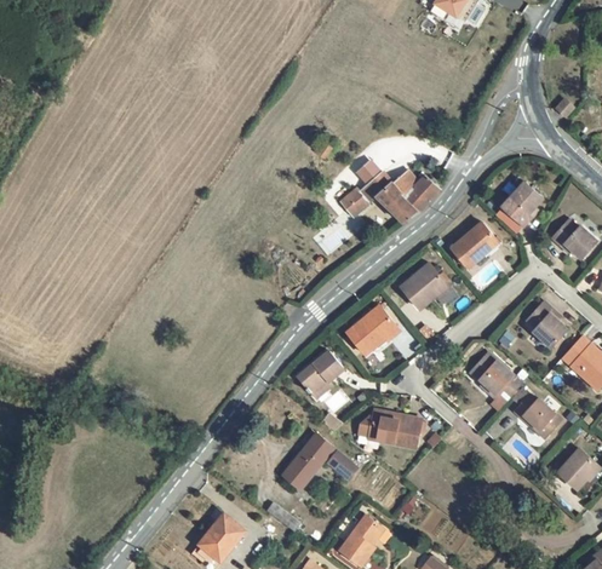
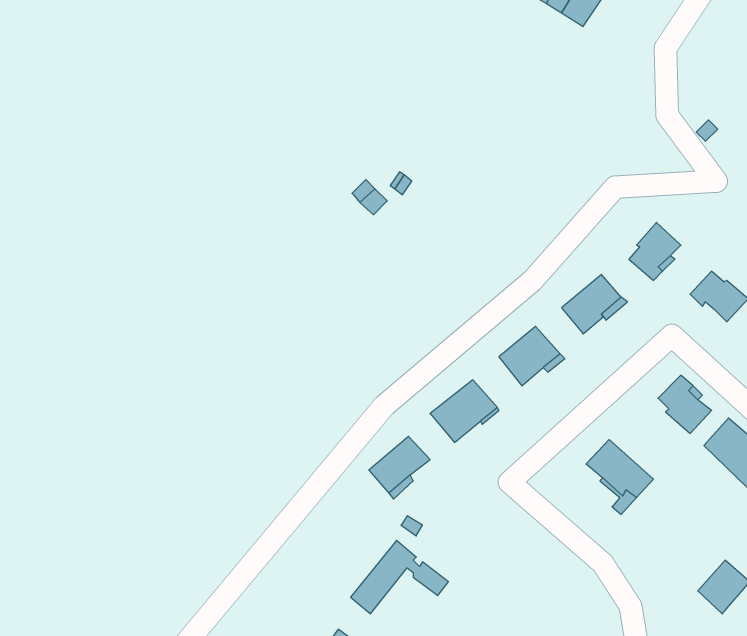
building: [339,169,440,223] -> none
building: [514,393,563,439] -> none
building: [357,413,426,448] -> none

